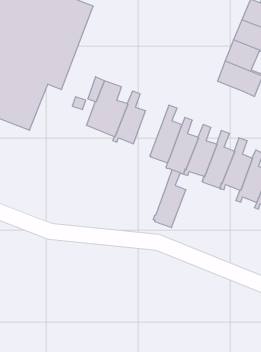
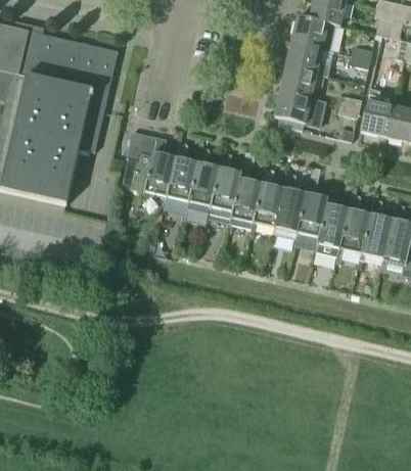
building: [153,170,186,228] -> [185,146,218,213]

